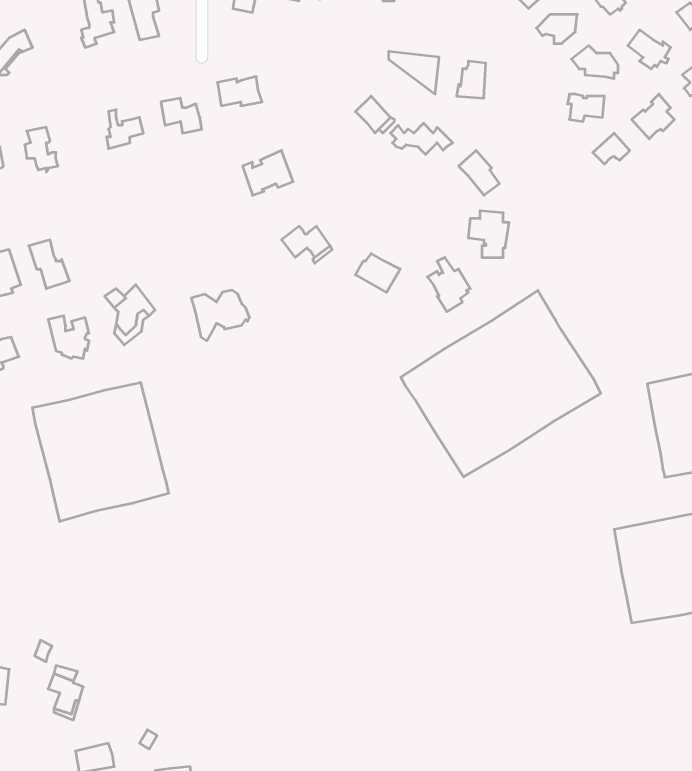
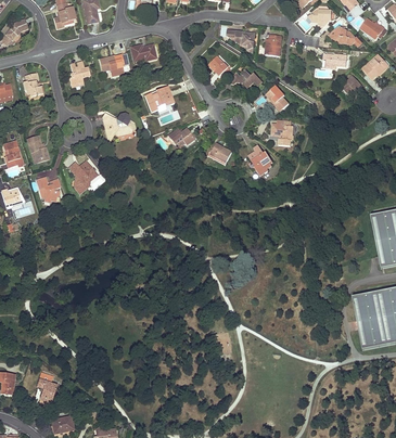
building: [191,290,250,341] -> [101,112,133,140]
building: [401,290,601,477] -> none
building: [32,382,169,522] -> none

